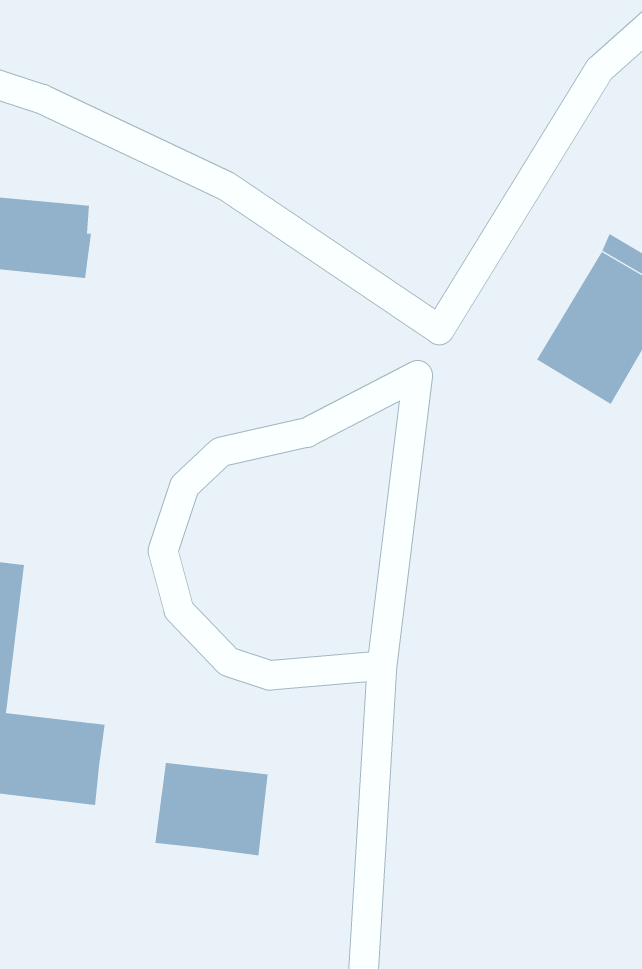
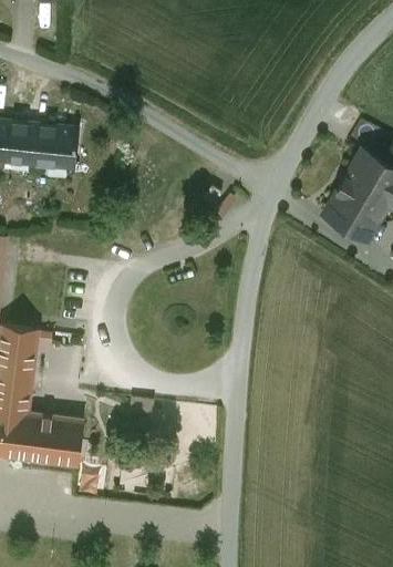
building: [155,762,268,856] -> none

